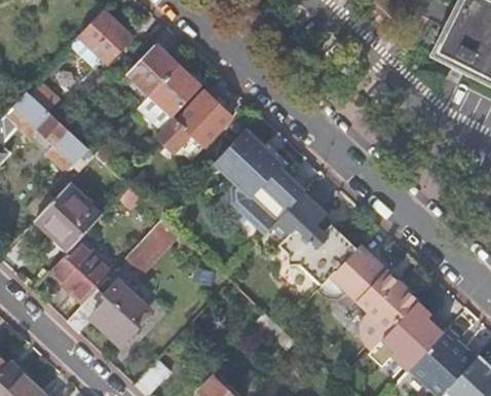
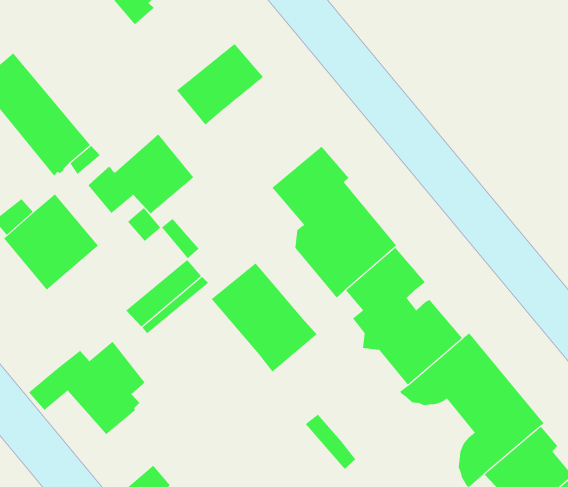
building: [127,45,178,96] -> none
building: [159,91,231,149] -> [88,134,194,214]
building: none -> [211,263,317,372]
building: [50,241,113,302] -> none

